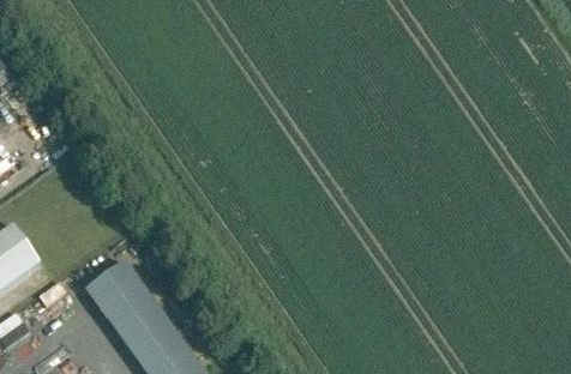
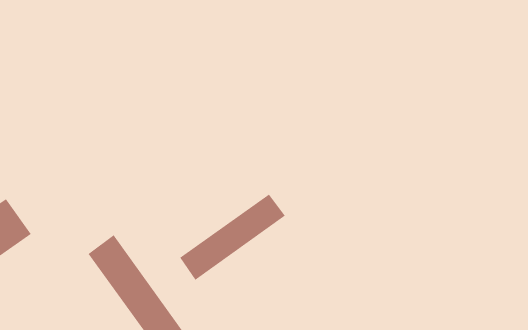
building: none -> [179,193,286,281]

